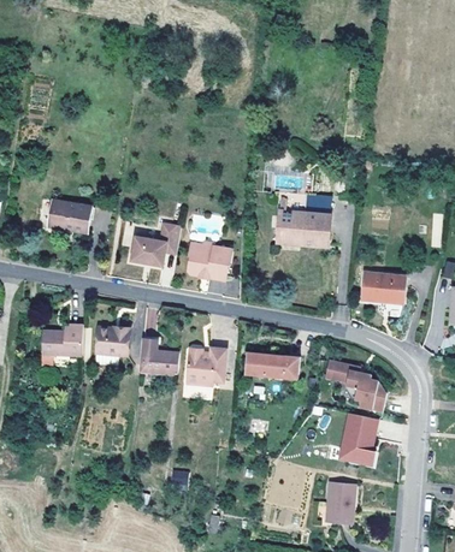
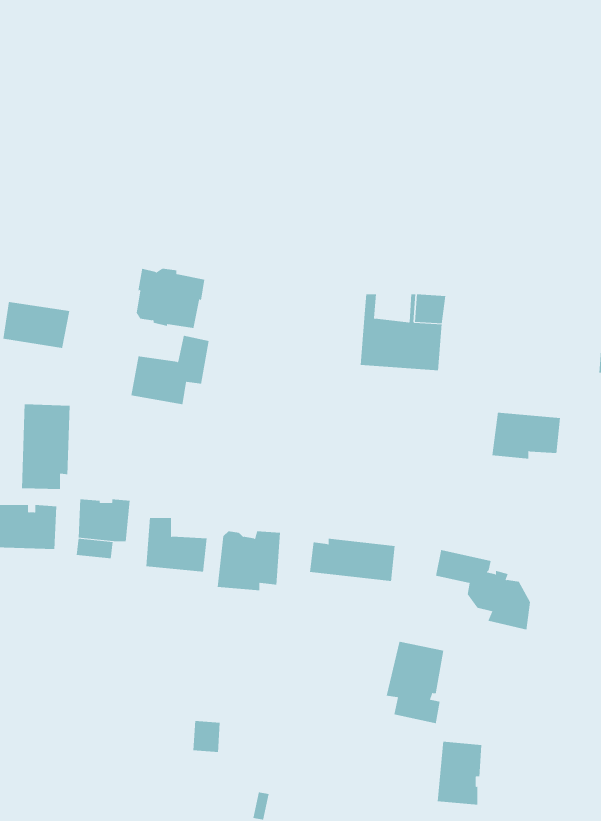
building: [188,242,232,280] -> [136,268,205,328]
building: none -> [22,403,70,490]
building: [341,412,378,465] -> [386,641,444,724]

